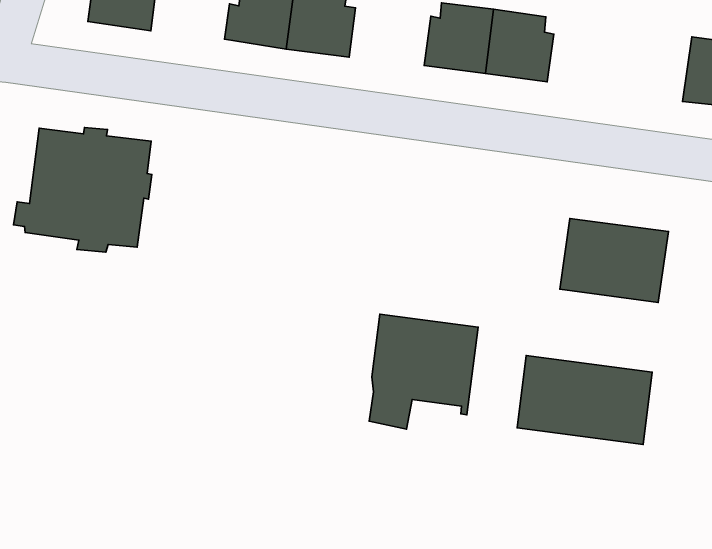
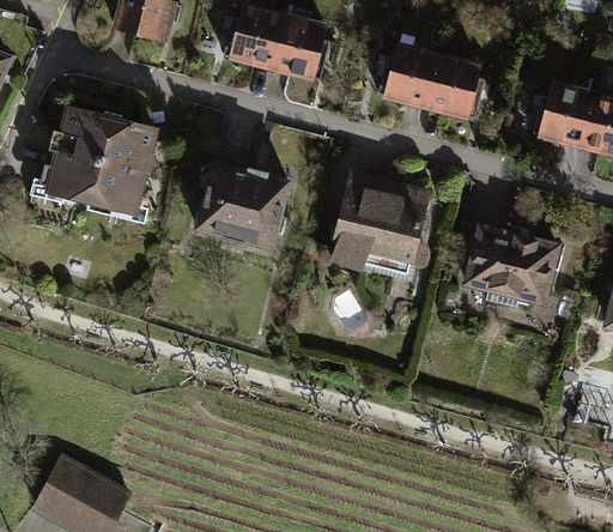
building: none -> [533,85,593,146]
building: none -> [198,165,289,248]
building: [369,314,478,429] -> [333,176,427,270]
building: [517,355,652,445] -> none

